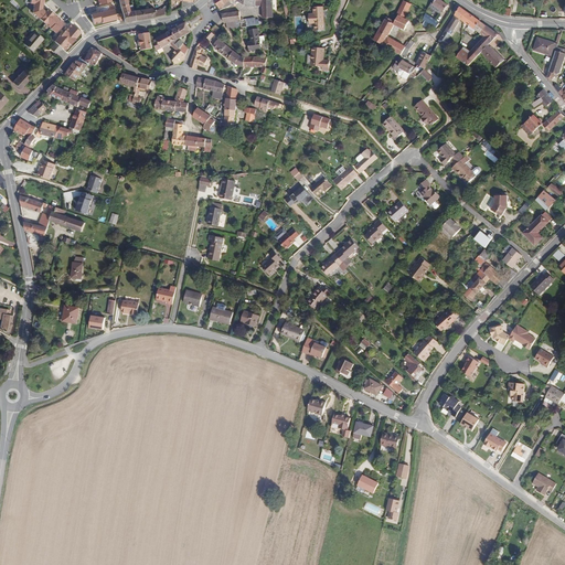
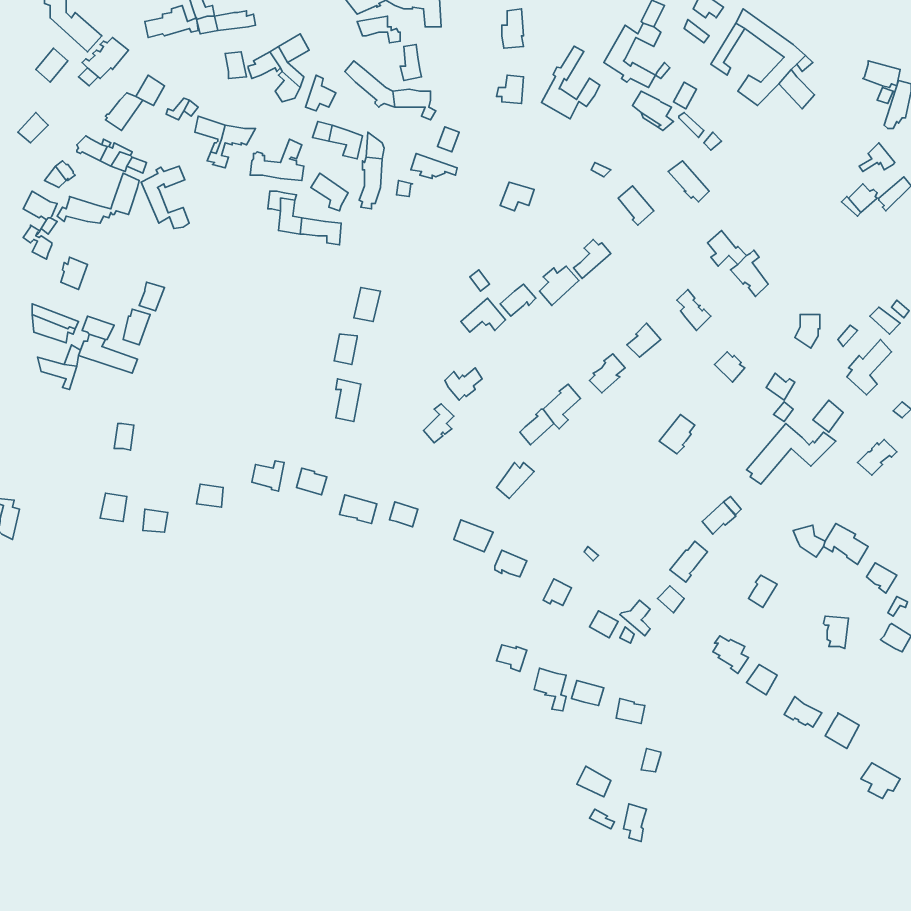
building: none -> [542,46,600,119]
building: none -> [141,166,189,228]

